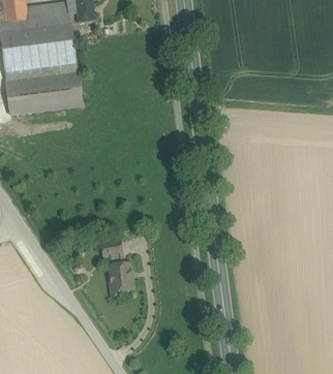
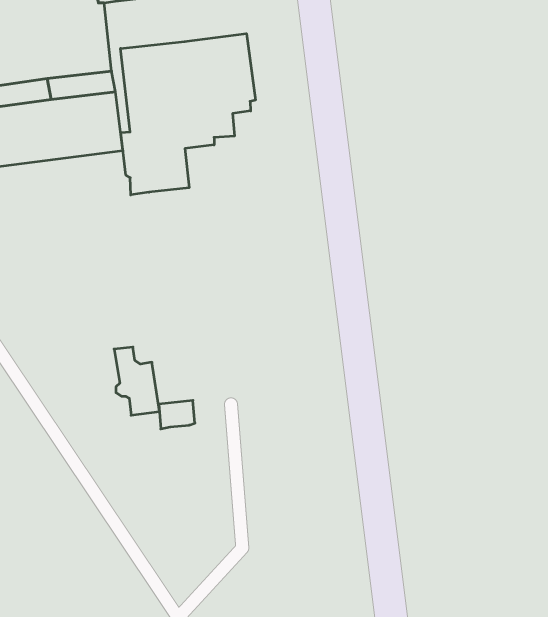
building: none -> [121,34,255,195]
building: [108,253,132,290] -> [114,347,159,415]

